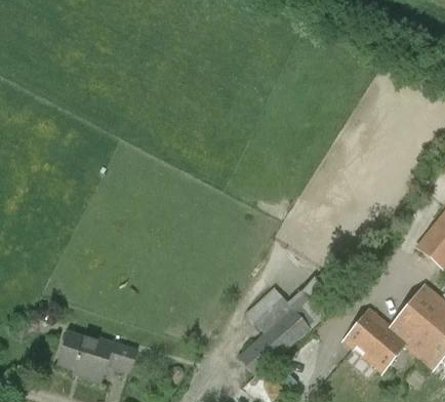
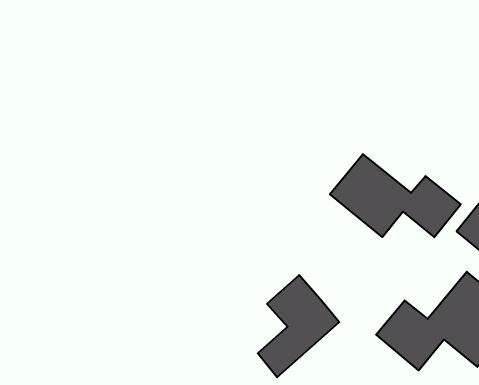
building: none -> [330,154,461,237]
building: [59,331,136,380] -> none

